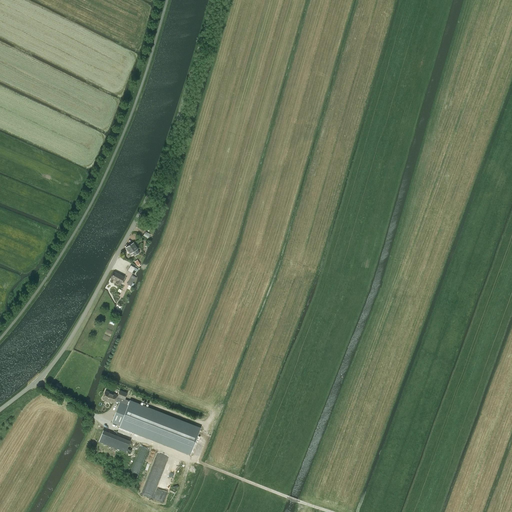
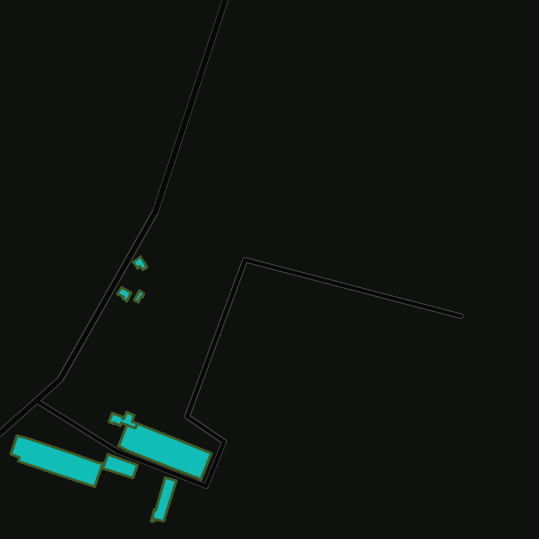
building: none -> [11,436,103,487]

